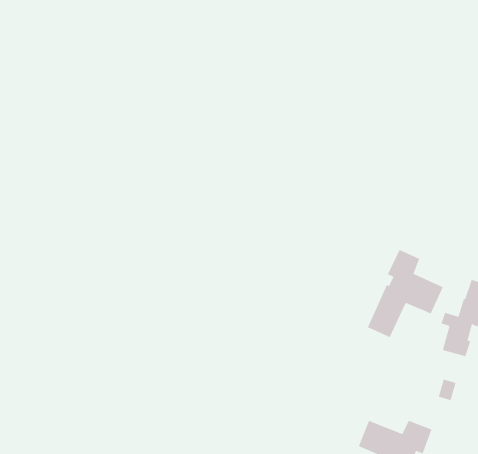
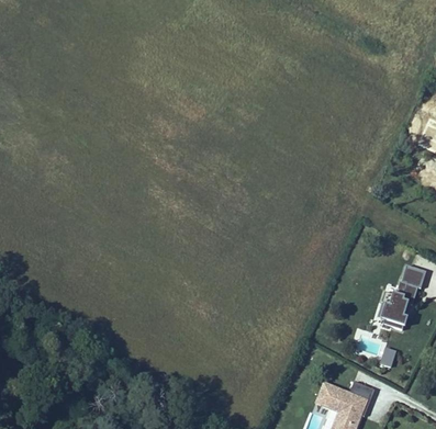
building: [367,249,444,338] -> none

